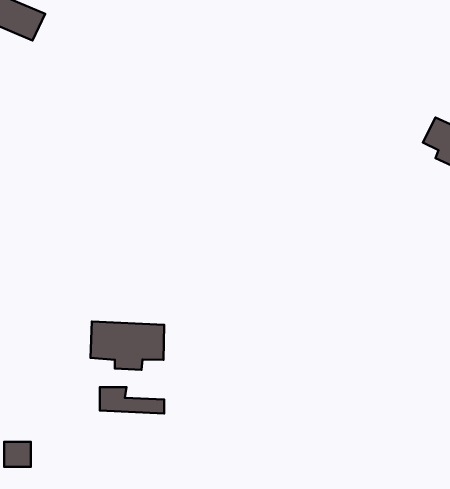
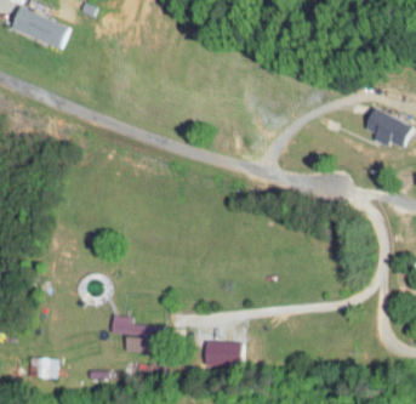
building: [90,321,164,370] -> none
building: none -> [203,341,240,366]

